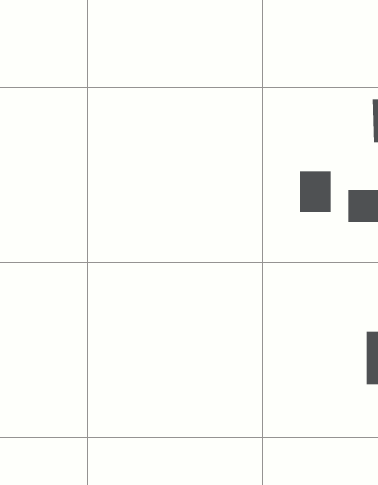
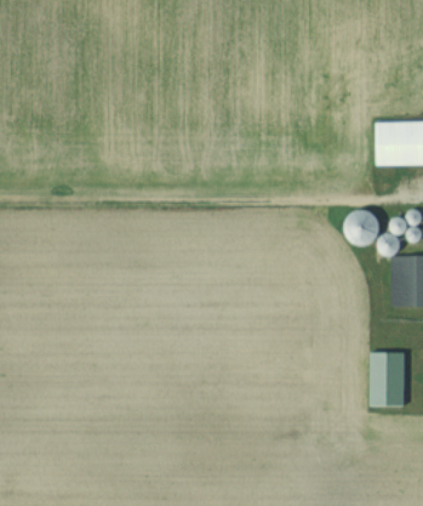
building: [300,171,331,213] -> none

